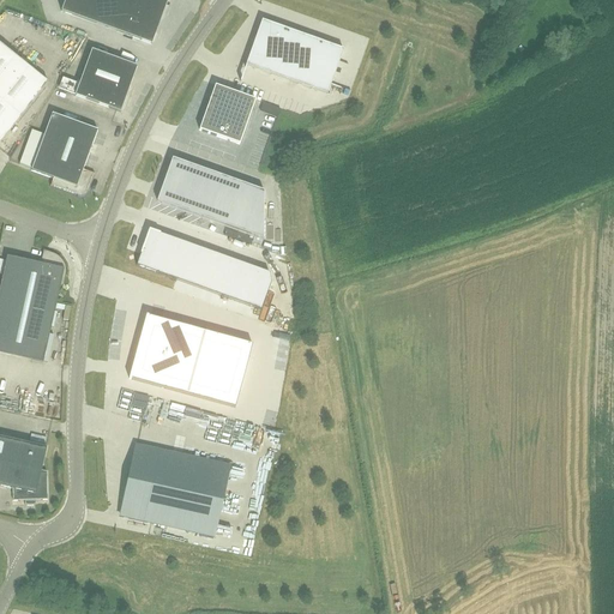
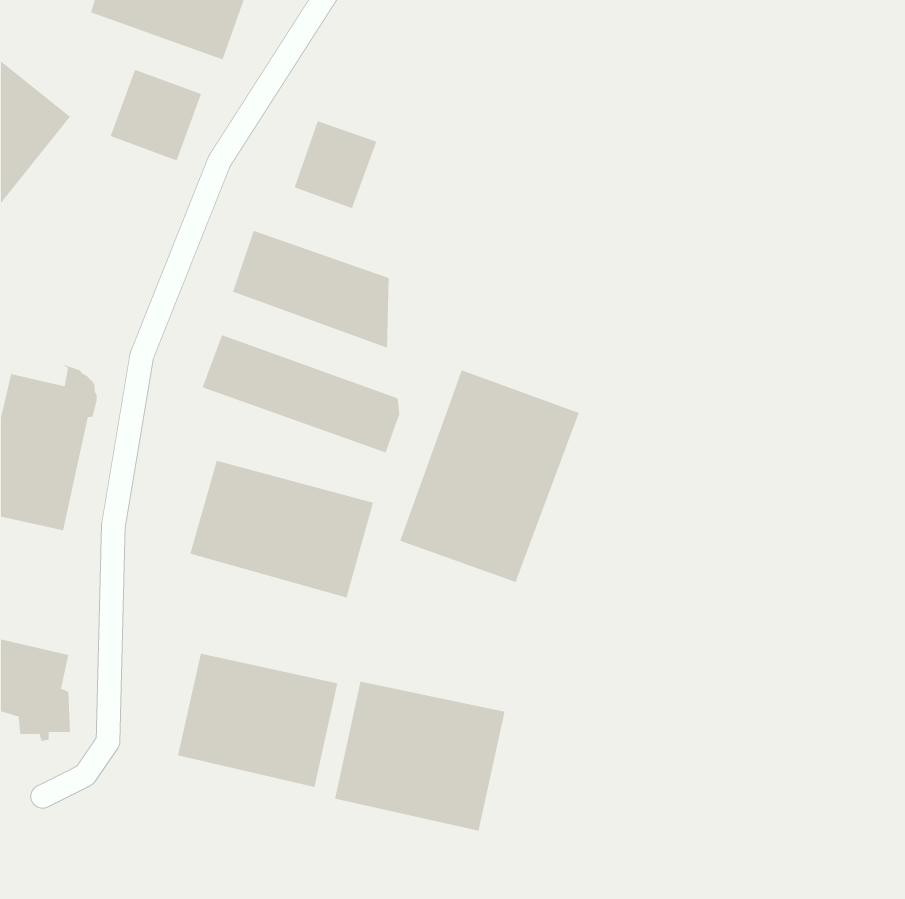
building: [246,17,343,91] -> none
building: [31,110,97,194] -> none
building: none -> [400,370,579,583]
building: none -> [334,681,505,831]

